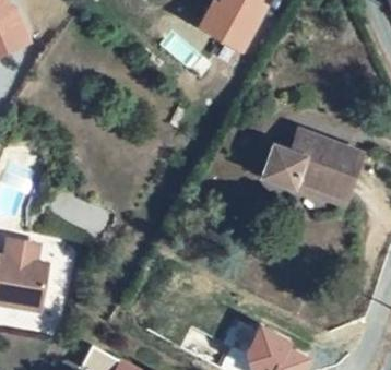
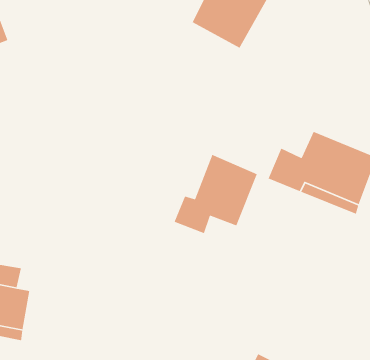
building: none -> [174,154,258,234]

